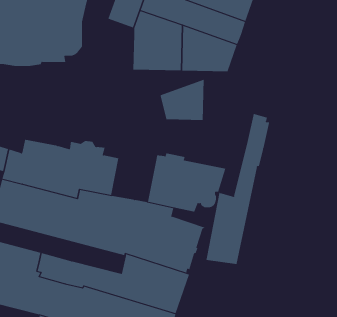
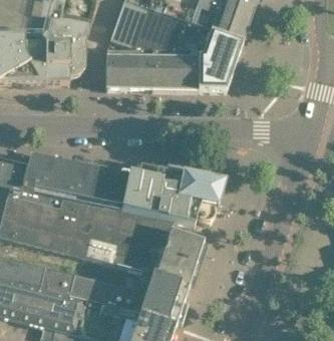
building: none -> [104,48,133,88]
building: [160,79,204,121] -> none
building: [206,113,270,265] -> none
building: none -> [112,174,153,216]

